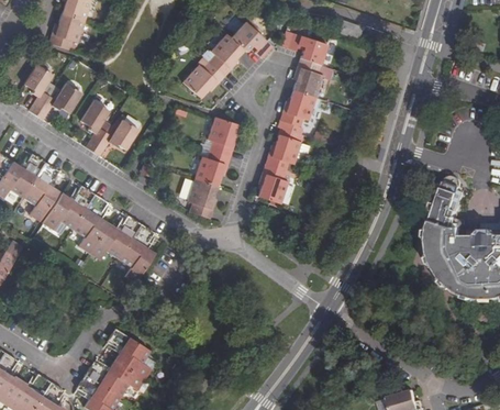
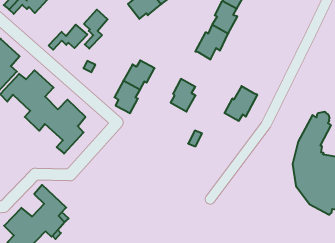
building: [80,101,109,152] -> [84,10,108,49]
building: [207,118,237,157] -> none
building: [265,128,302,171] -> [224,86,257,121]

